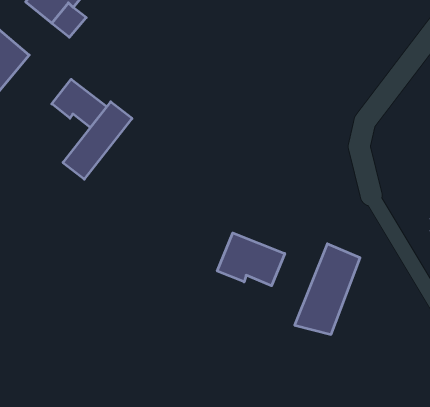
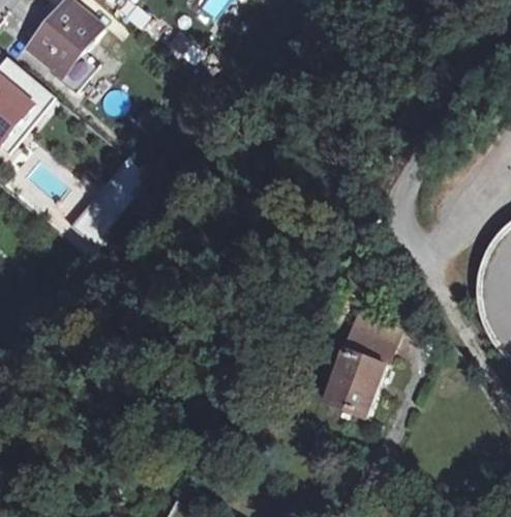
building: [52,79,107,128] -> none
building: [217,233,285,286] -> none

